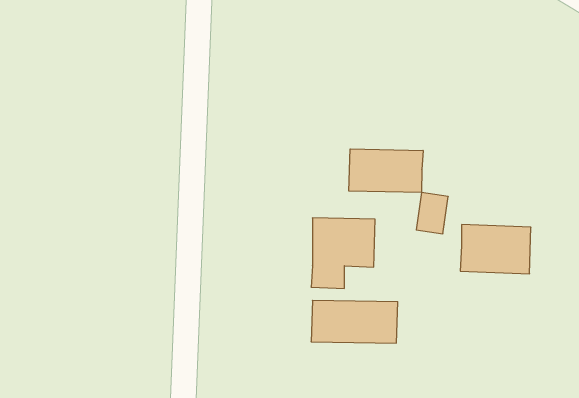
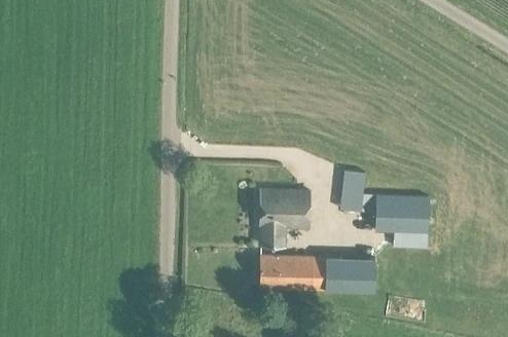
building: [349,149,423,193] -> none
building: none -> [325,257,374,291]

